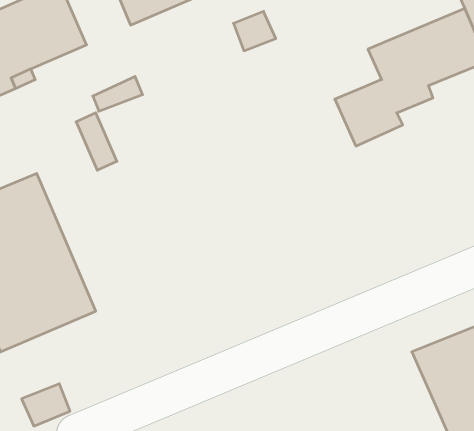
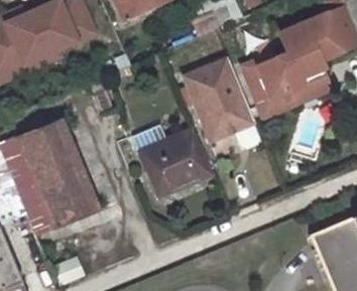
building: none -> [245,54,334,116]
building: none -> [177,58,259,148]
building: none -> [139,127,211,195]

